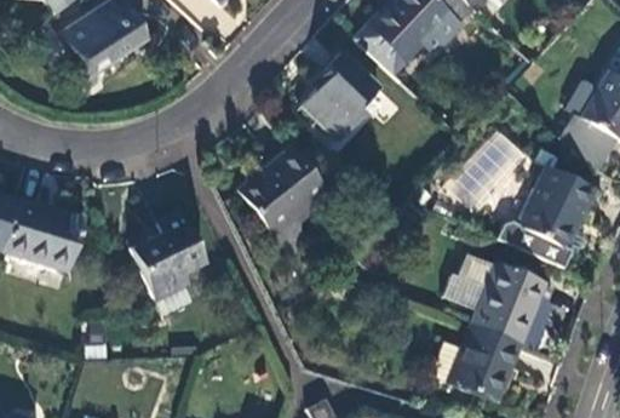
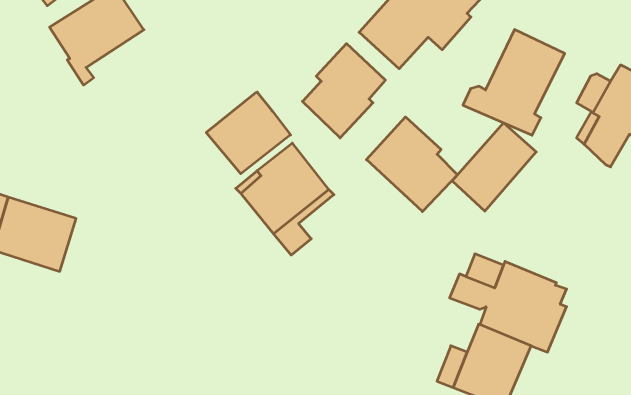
building: none -> [206,92,291,174]
building: none -> [366,117,457,212]
building: [498,165,596,267] -> [463,30,565,135]
building: [131,213,206,298] -> none

